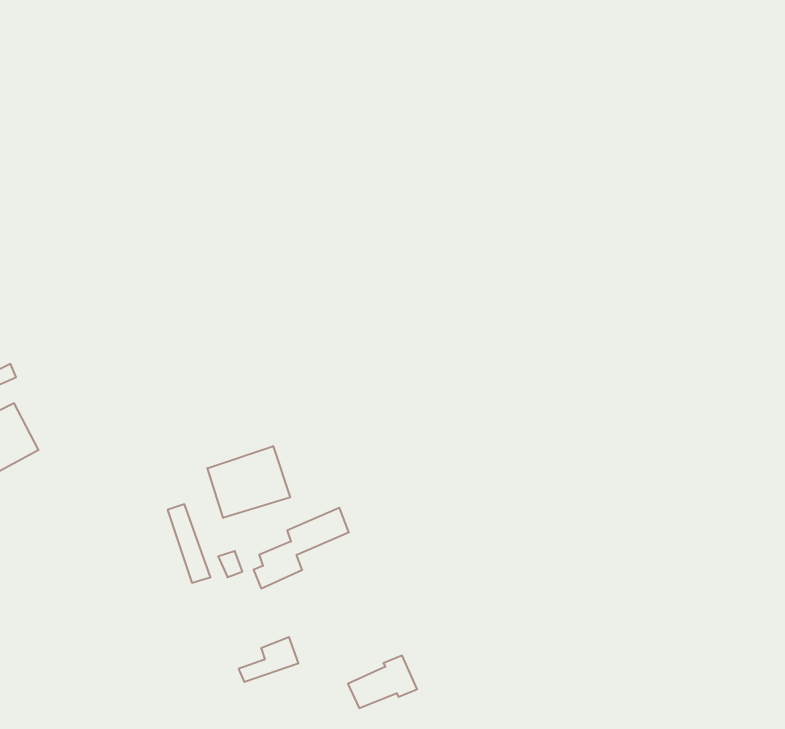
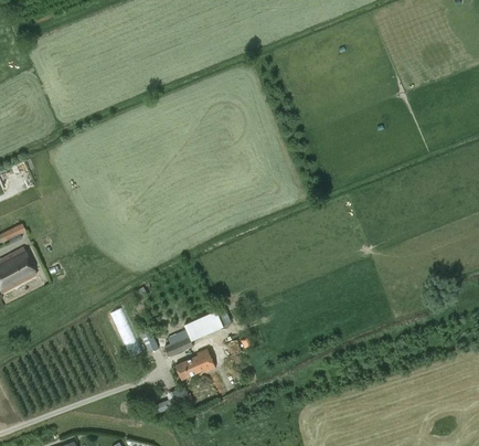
building: [207,446,290,518] -> none
building: [348,656,417,708] -> [175,348,216,379]

